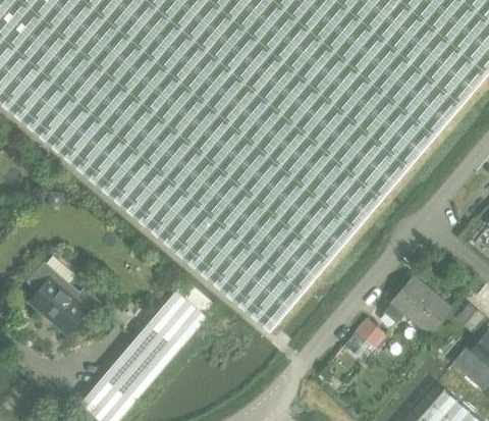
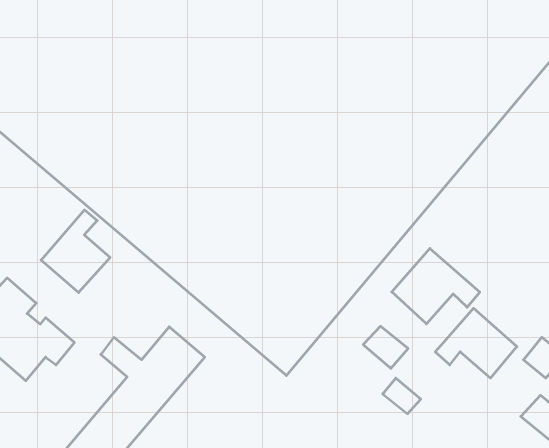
building: none -> [41,210,110,293]
building: none -> [392,248,480,324]
building: [352,317,387,350] -> [363,326,408,368]

